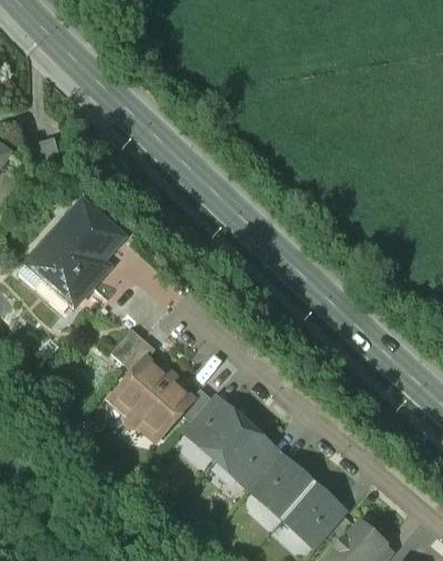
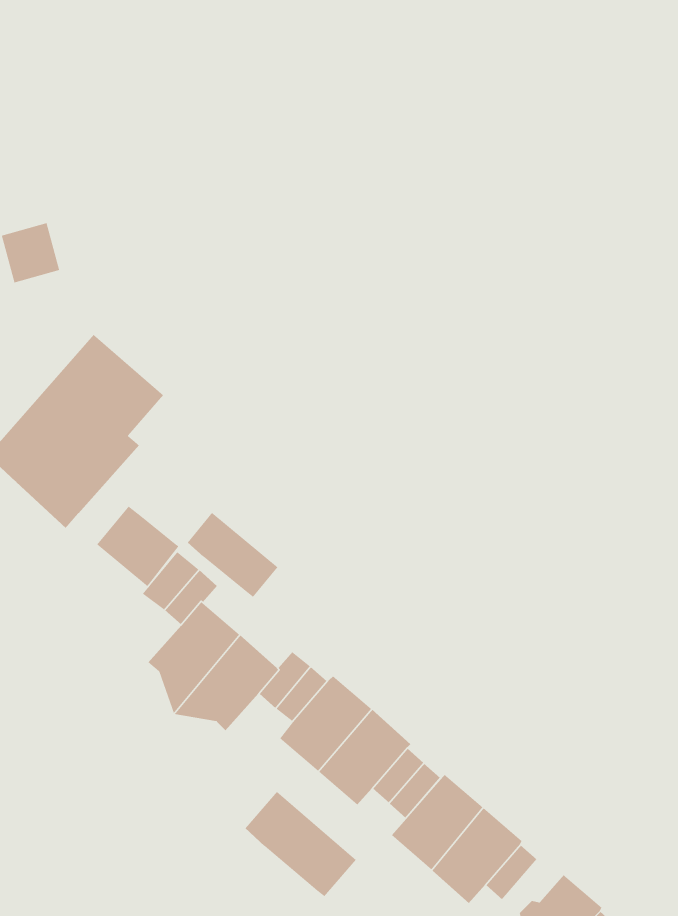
building: none -> [96,505,180,587]
building: none -> [187,512,278,598]
building: none -> [244,791,357,897]

